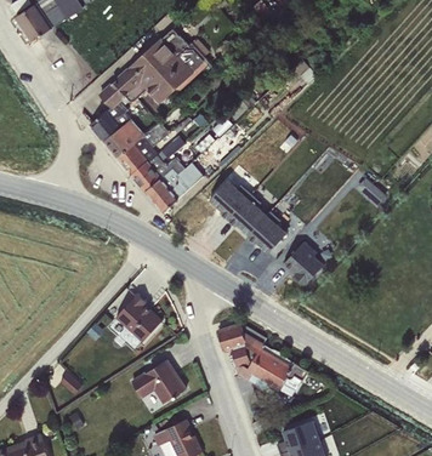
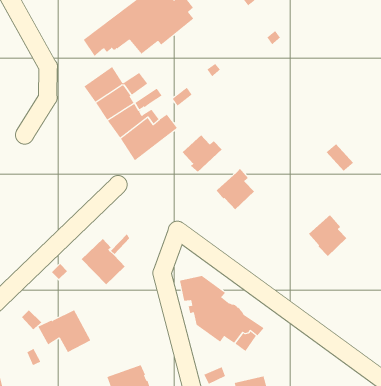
building: [89,101,131,141] -> none
building: [227,193,266,234] -> none
building: [283,241,323,285] -> [308,214,347,257]
building: [130,359,186,404] -> [37,309,91,353]

